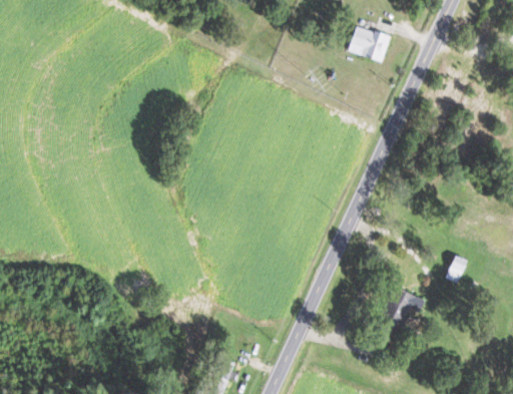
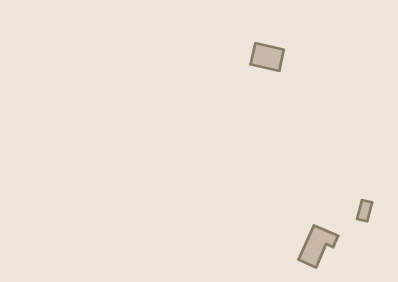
building: [349,26,390,60] -> [250,43,284,71]

